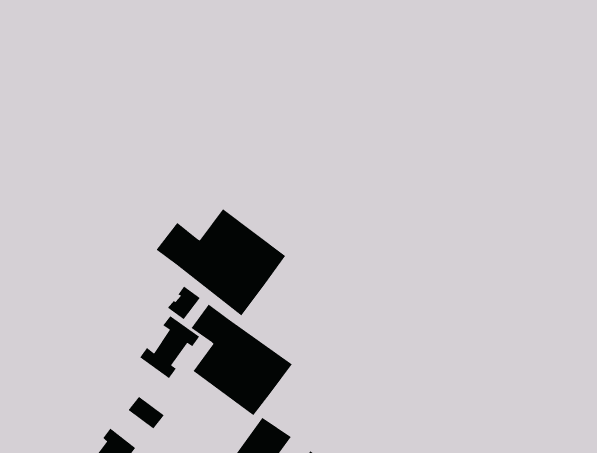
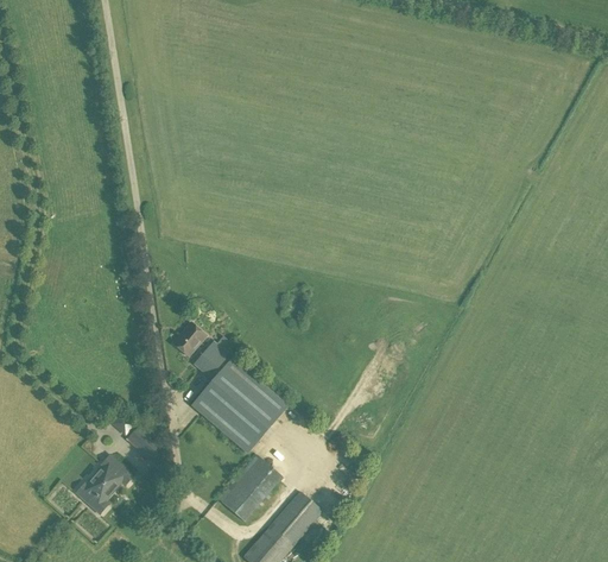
building: [156,208,286,317] -> none
building: [139,315,200,379] -> none

